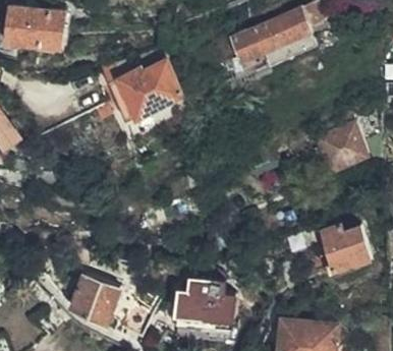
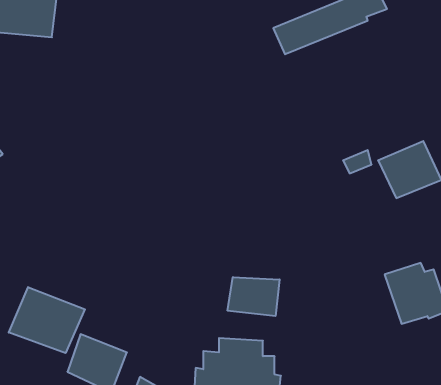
building: [103,50,177,119] -> none
building: none -> [228,277,280,316]
building: none -> [9,287,85,353]

